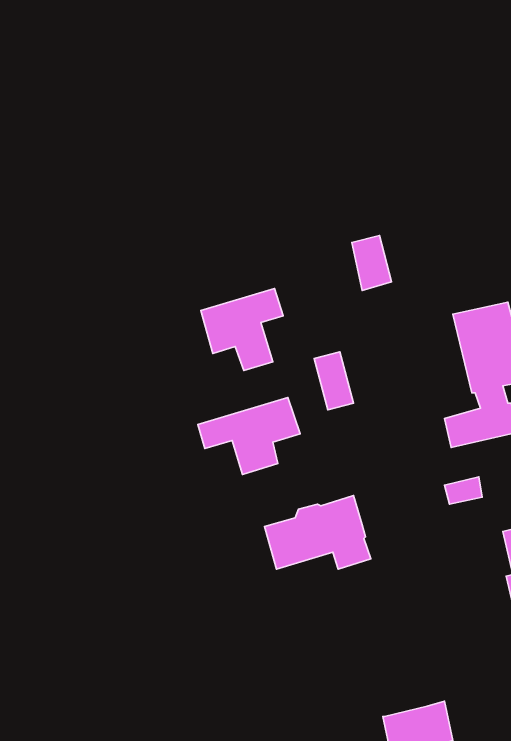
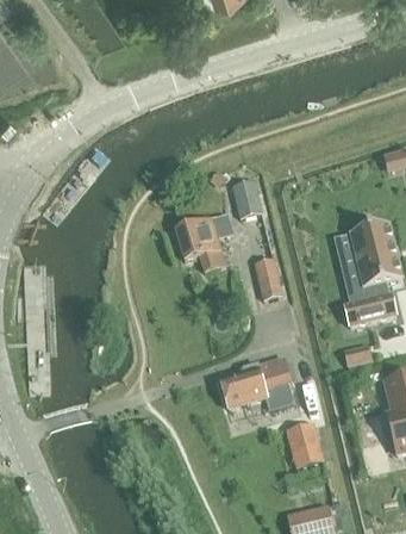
building: [352,236,391,290] -> [233,179,261,217]
building: [198,397,300,475] -> none
building: none -> [286,423,324,467]

